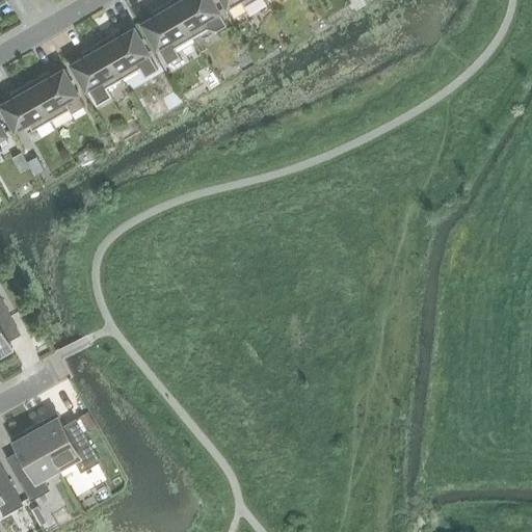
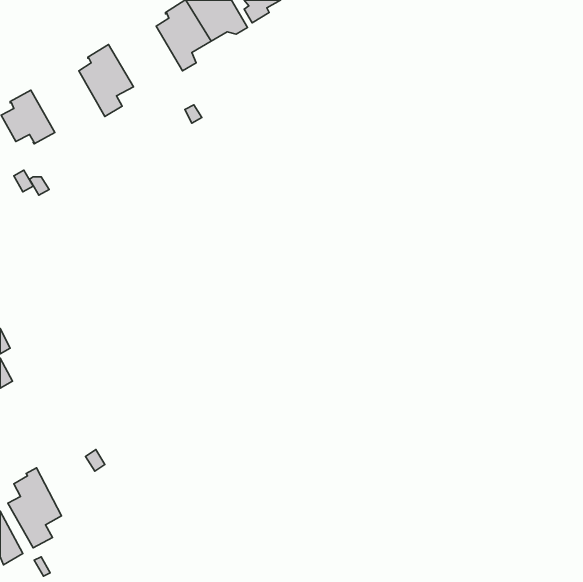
building: [99,29,157,80] -> none
building: [28,71,84,122] -> none
building: [33,417,98,472] -> none

